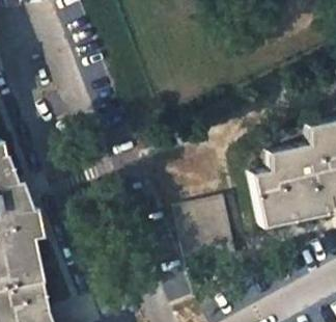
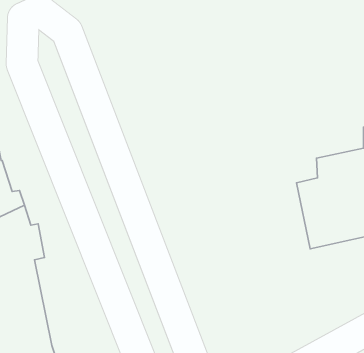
building: [175,195,233,263] -> none

